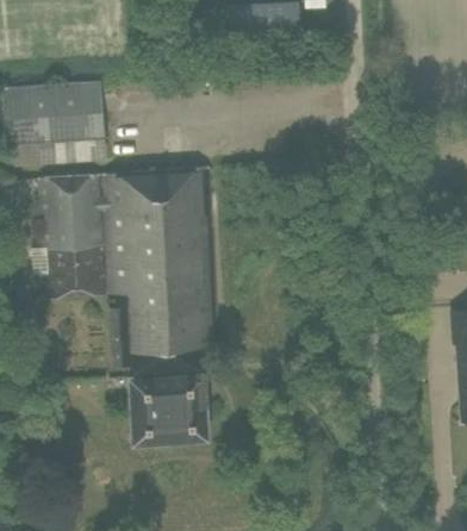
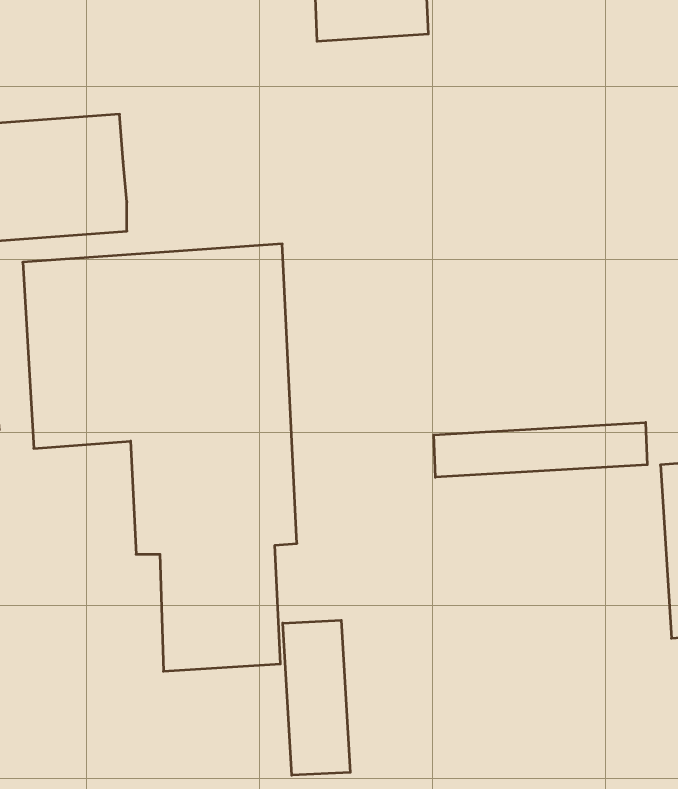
building: none -> [434,422,647,477]
building: none -> [283,620,350,775]

